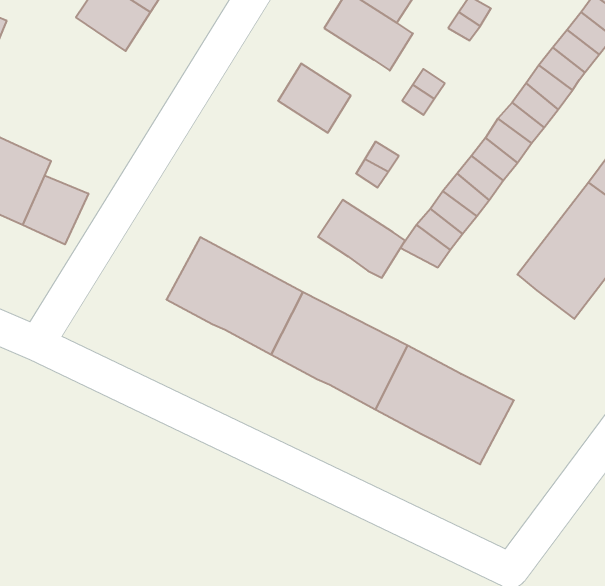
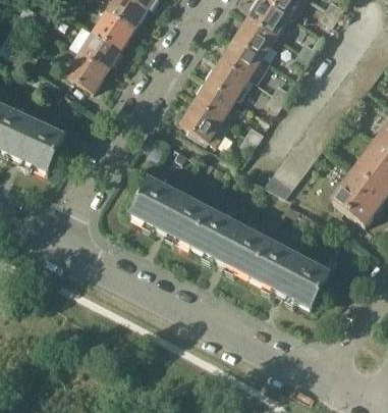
building: none -> [66,50,108,90]
building: none -> [209,56,251,95]
building: [23,175,88,244] -> none
building: [318,200,405,278] -> [181,98,231,143]

